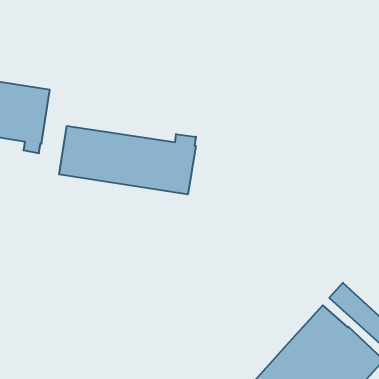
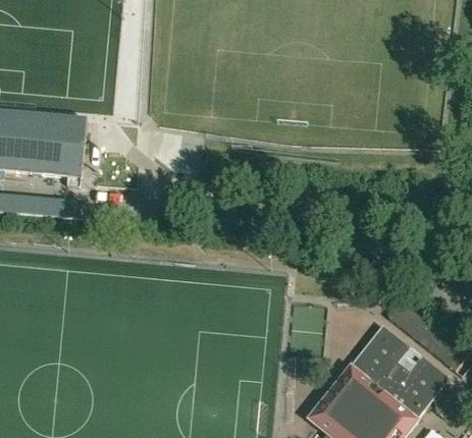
building: [59,126,196,194] -> none

